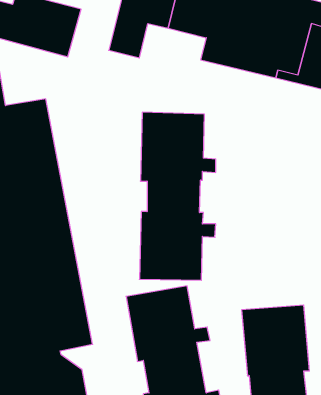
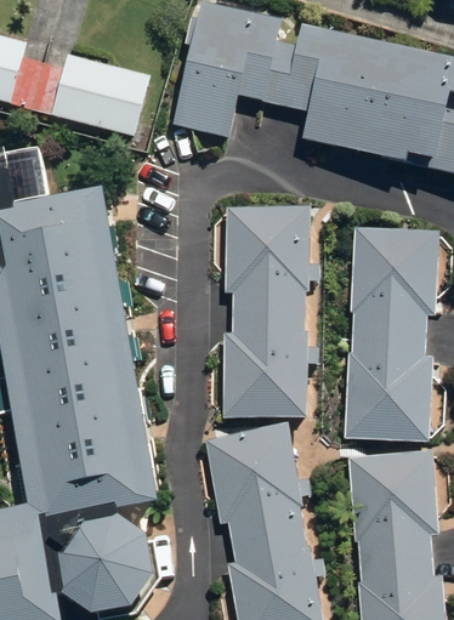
building: none -> [348,227,436,440]

